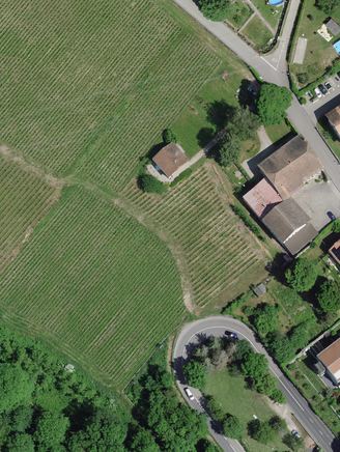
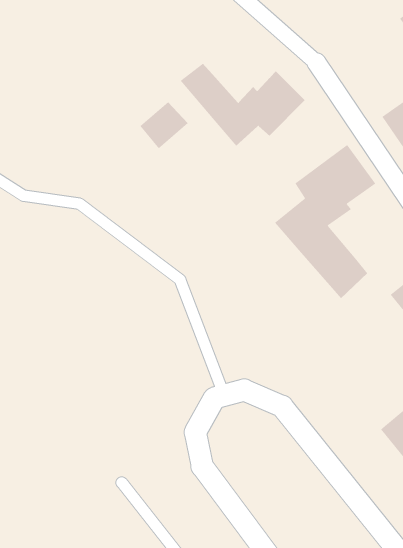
building: none -> [180,63,305,147]
building: [150,140,188,176] -> [140,102,189,149]

